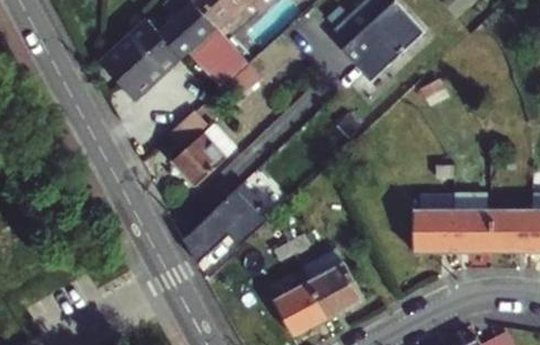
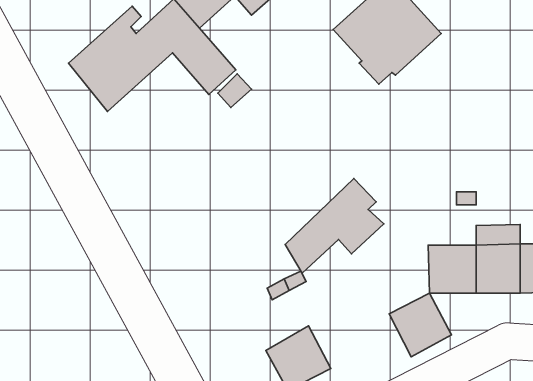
building: [170,110,234,185] -> none
building: [183,181,267,262] -> [285,178,384,273]
building: [309,262,363,316] -> [389,293,451,357]

